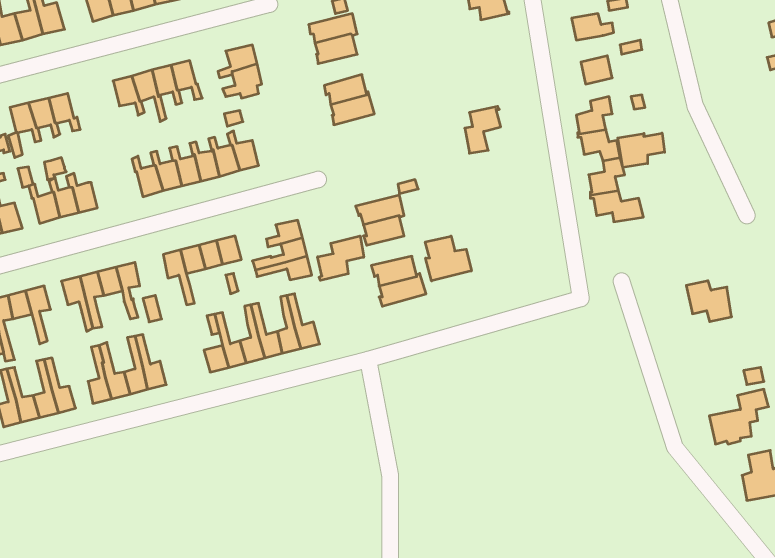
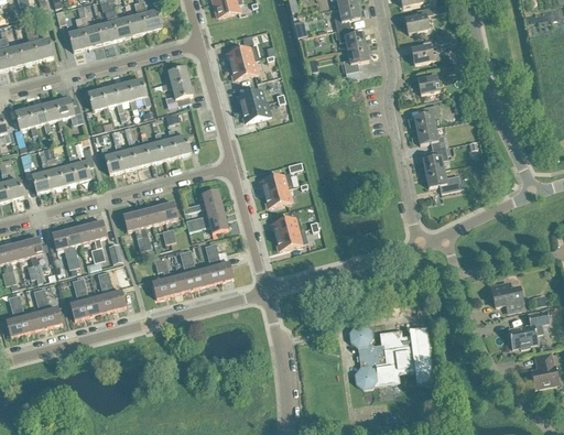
building: none -> [56,97,84,124]
building: [465,106,501,153] -> [344,45,369,78]
building: [618,133,665,168] -> none
building: none -> [68,148,95,182]
building: [318,236,364,280] -> none
building: [425,236,471,281] -> none
building: [686,281,732,322] -> [491,283,523,312]
building: none -> [349,324,434,389]

